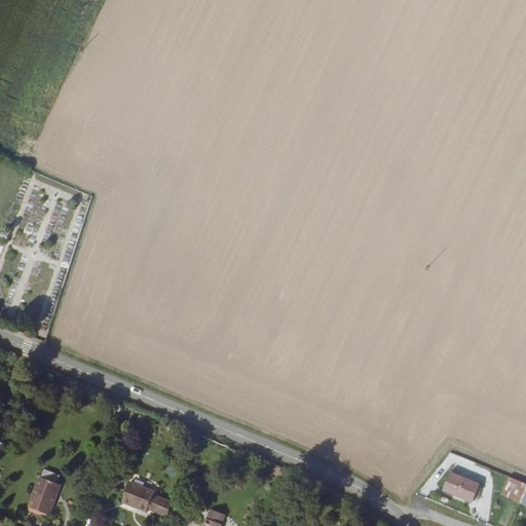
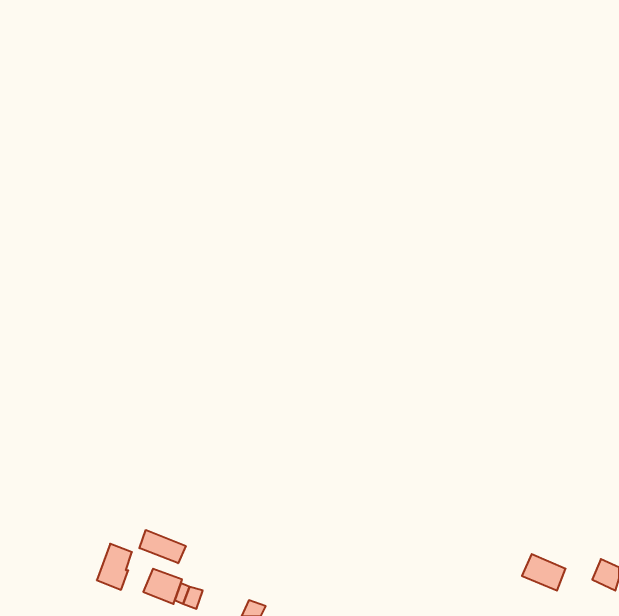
building: none -> [139,530,186,563]
building: [29,476,59,515] -> [97,544,132,590]

